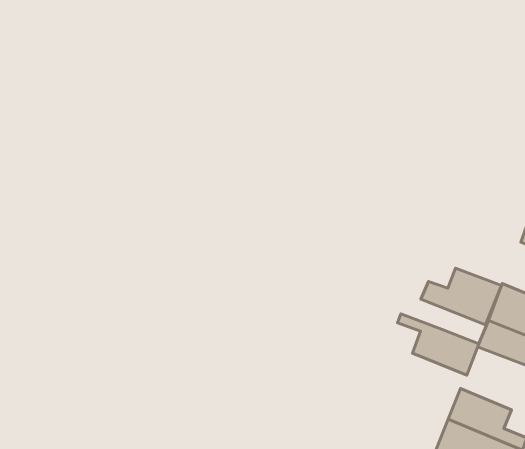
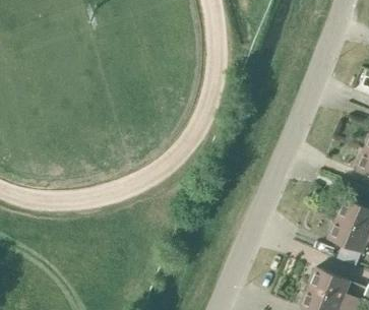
building: [421,268,502,325] -> none
building: [397,314,479,375] -> none

